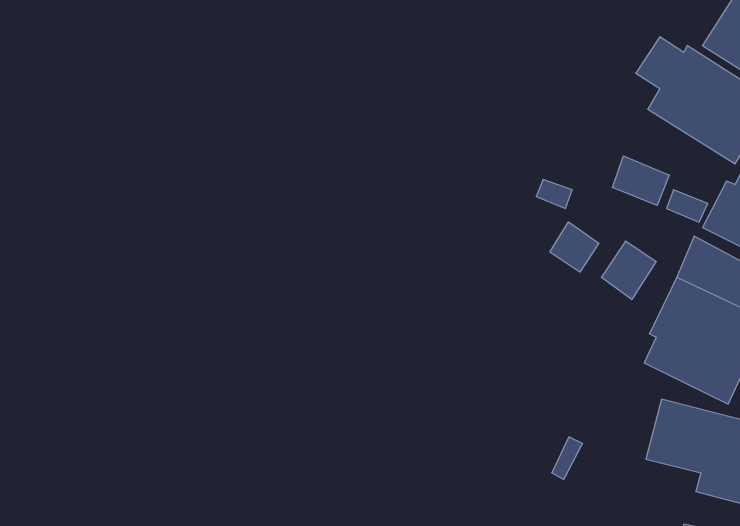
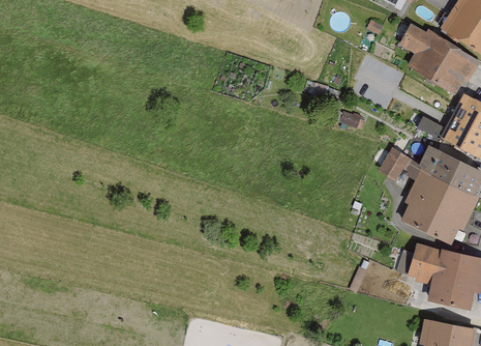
building: [613,156,669,205] -> none
building: [550,222,599,272] -> none

